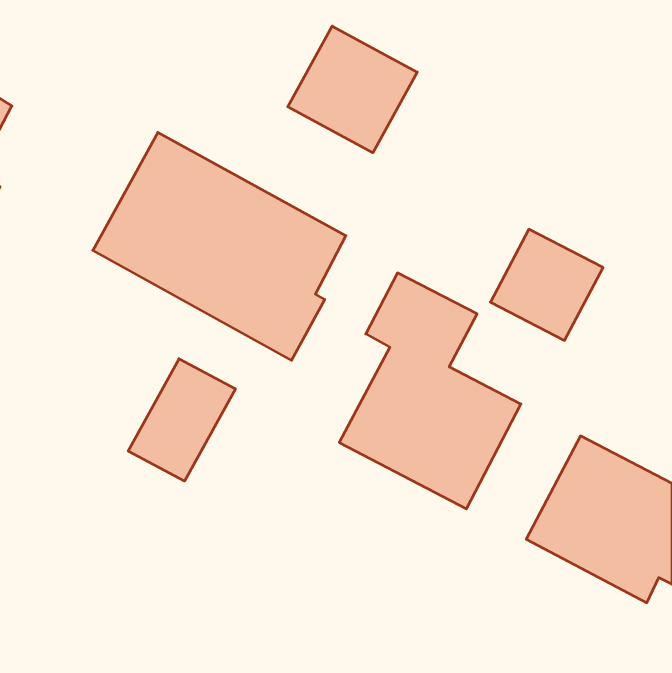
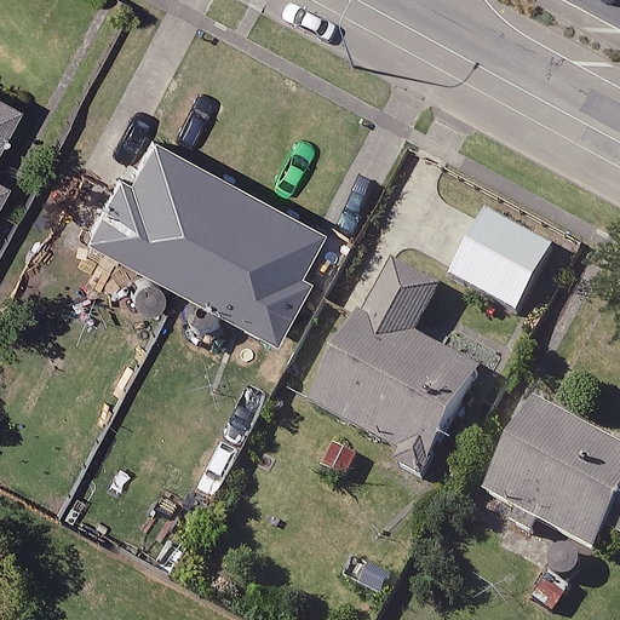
building: [288,26,417,153] -> none
building: [128,359,235,481] -> none

